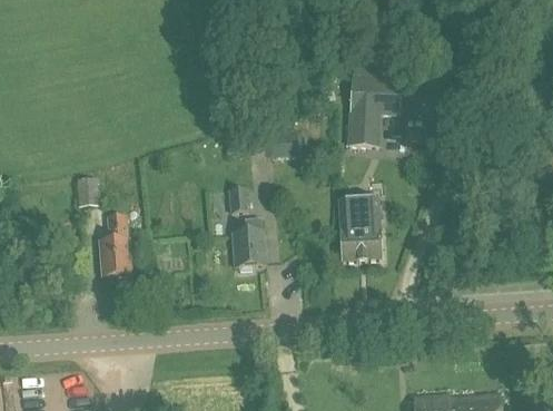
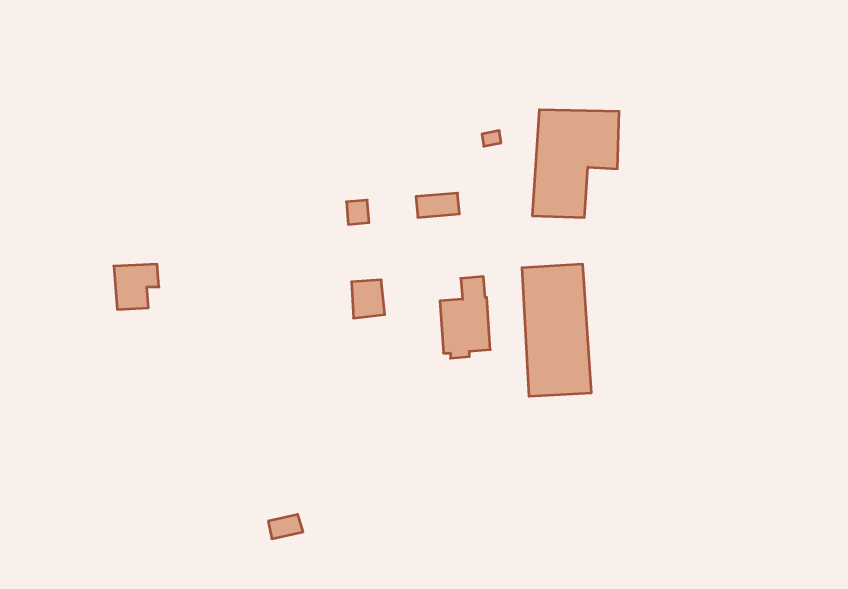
building: [99,215,130,275] -> none
building: [233,217,265,270] -> [440,277,490,358]

